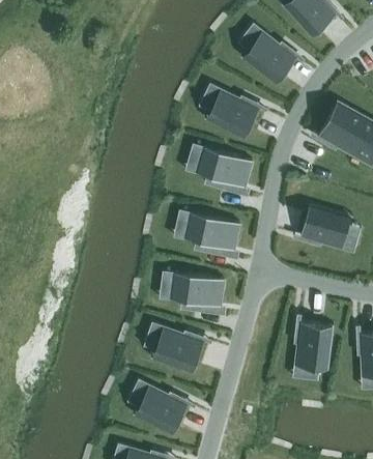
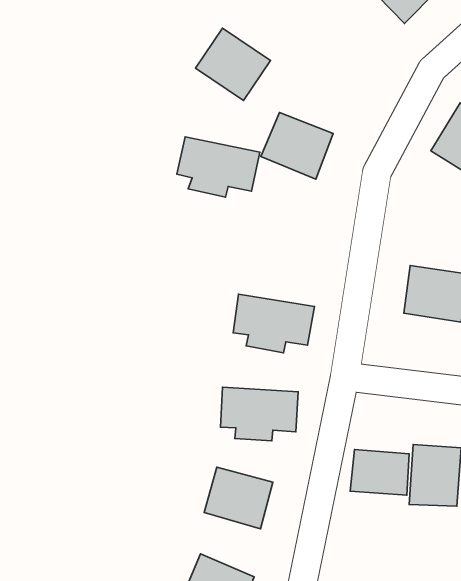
building: [245,33,295,83] -> [196,28,270,100]
building: [193,150,250,193] -> [177,137,260,197]
building: none -> [350,449,409,495]

